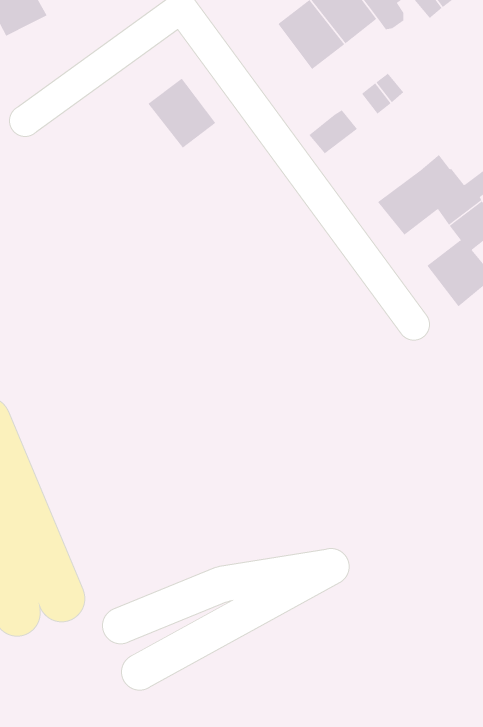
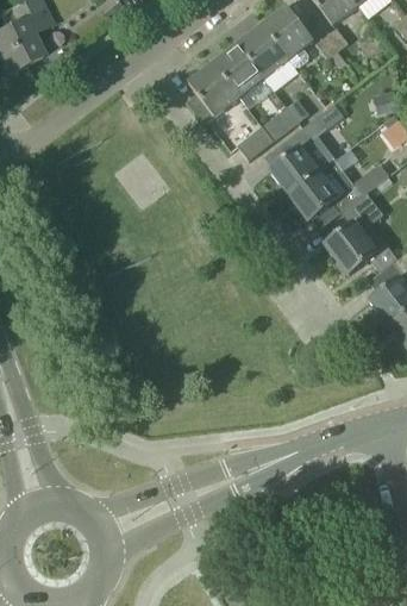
building: [148,72,216,148] -> [188,58,239,115]
building: none -> [269,104,344,195]

